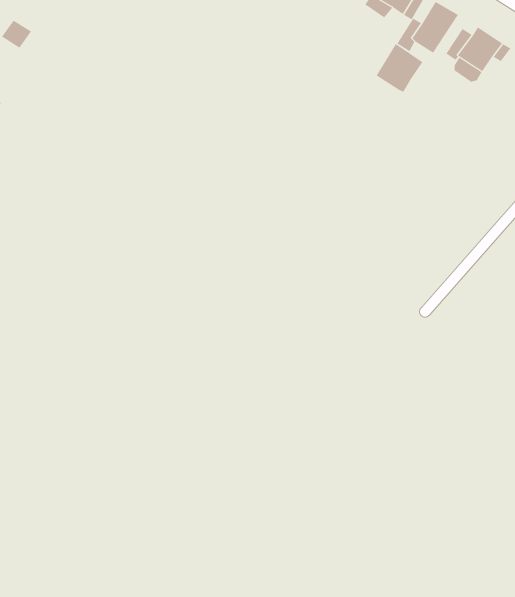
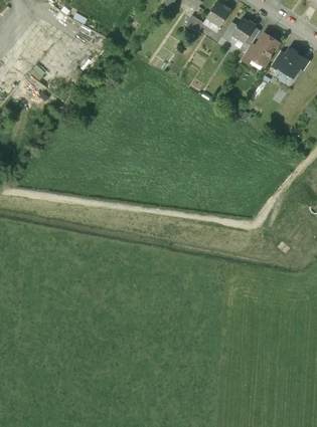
building: [376,43,423,93] -> none

